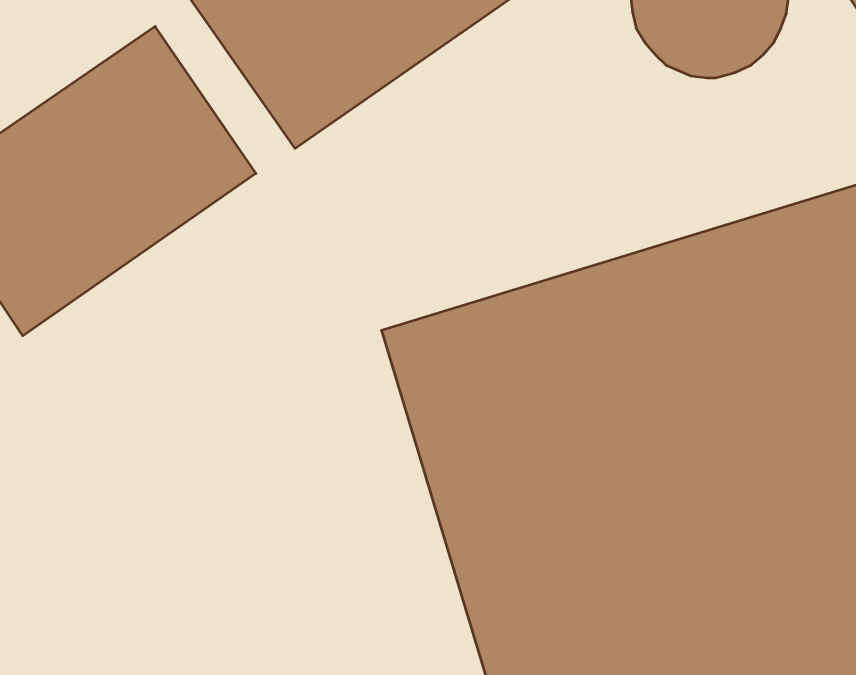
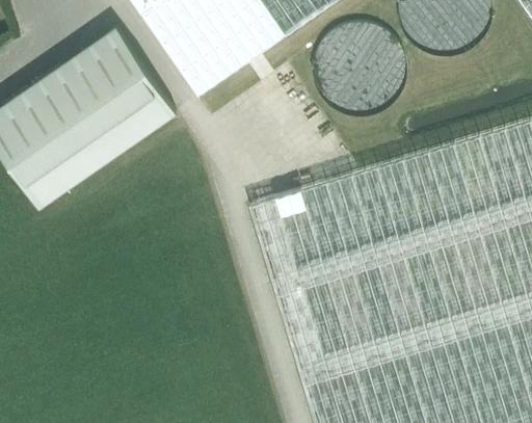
building: none -> [311,23,402,113]

